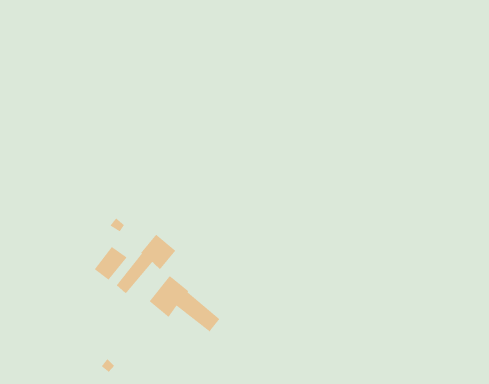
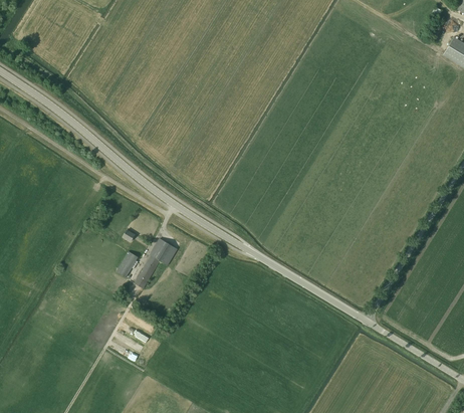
building: [149,275,220,333] -> none

